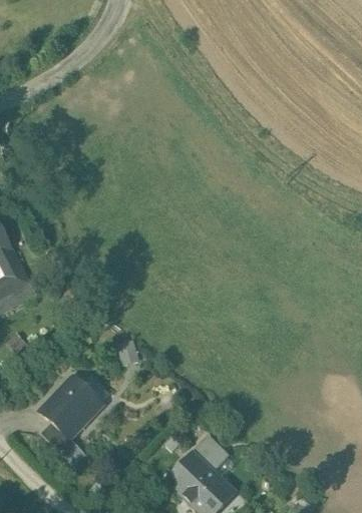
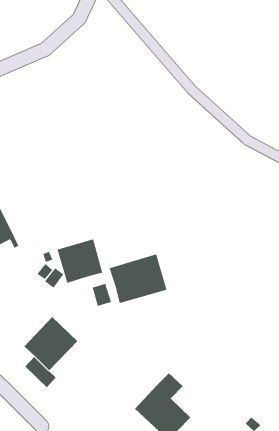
building: none -> [57,238,103,283]
building: none -> [109,254,167,304]

